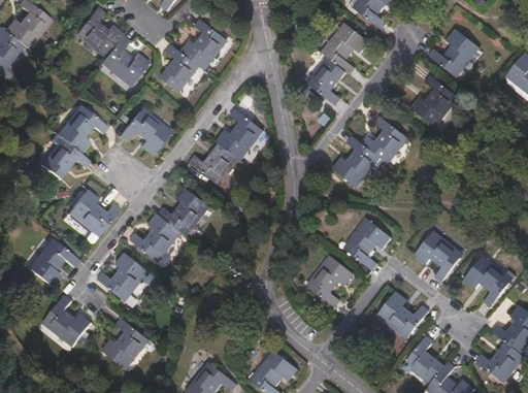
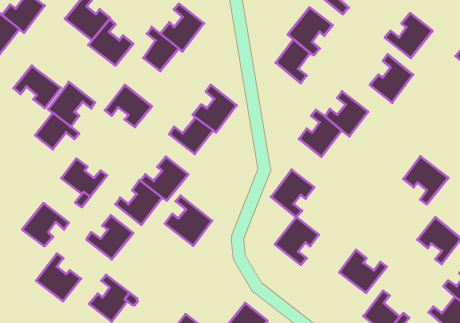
building: none -> [14,66,61,108]
building: [343,218,391,270] -> [271,170,314,217]
building: [415,230,464,283] -> [403,156,448,204]
building: none -> [165,196,212,246]

